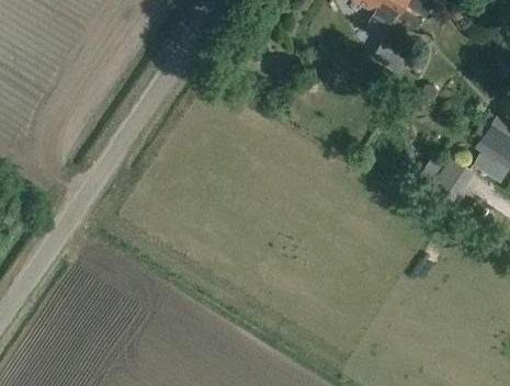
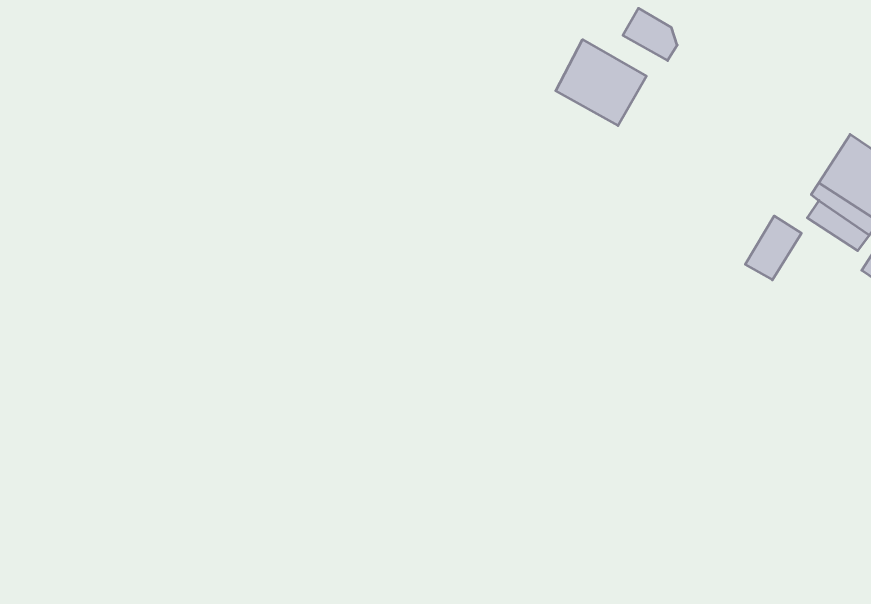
building: none -> [556,40,646,126]

